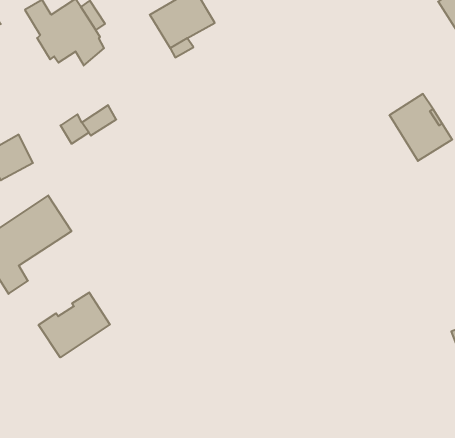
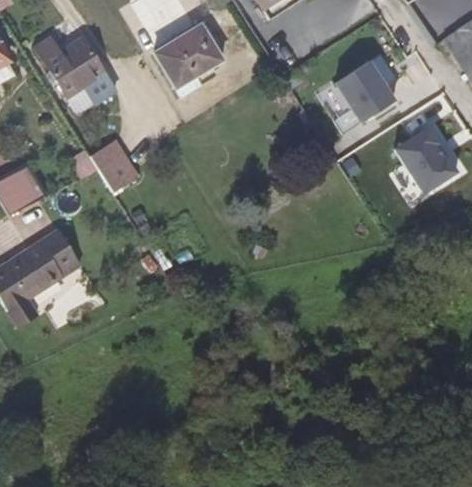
building: none -> [318,60,395,132]
building: none -> [100,152,139,190]
building: [39,292,110,357] -> none

